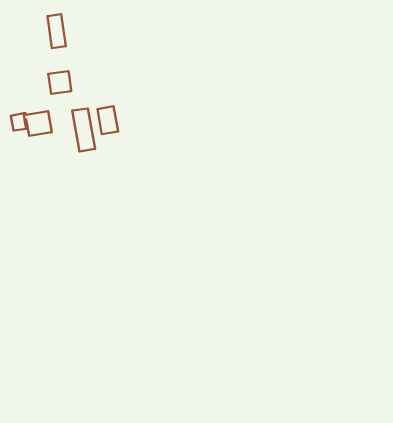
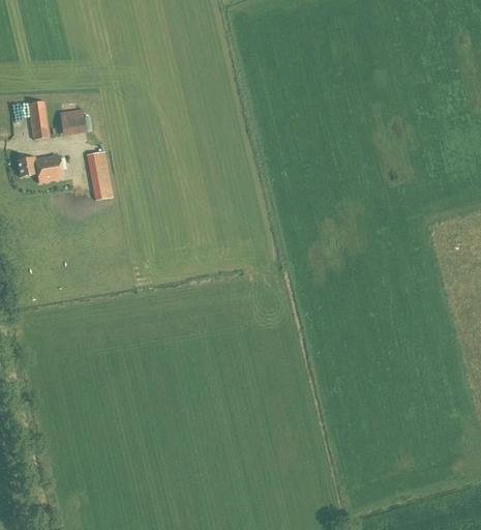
building: [47,14,66,48] -> [28,100,49,139]
building: [97,106,118,134] -> none

